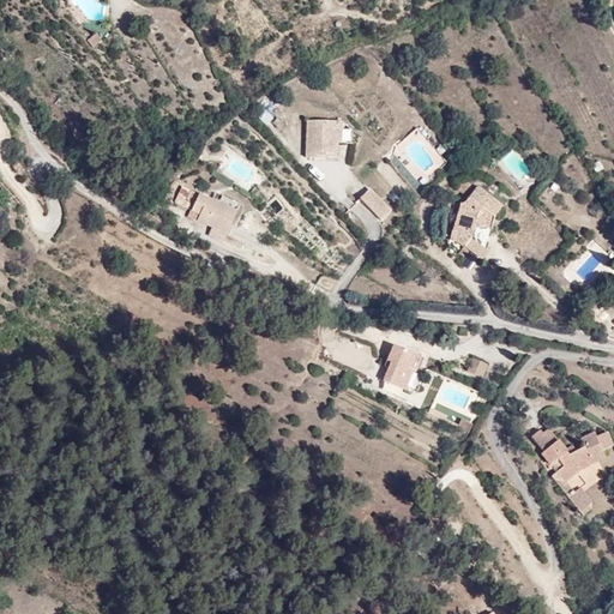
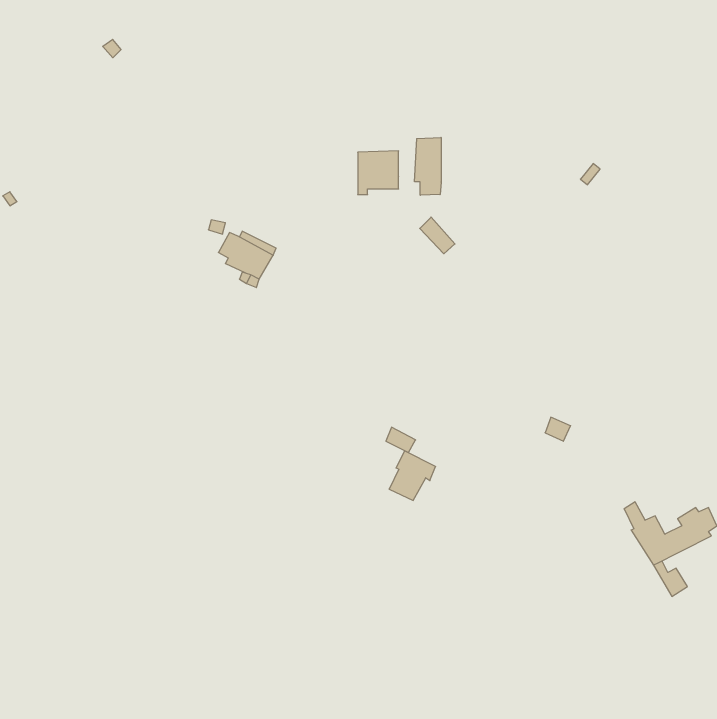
building: none -> [415,137,441,195]
building: [457,182,502,252] -> none
building: [381,341,421,383] -> [389,451,436,500]

